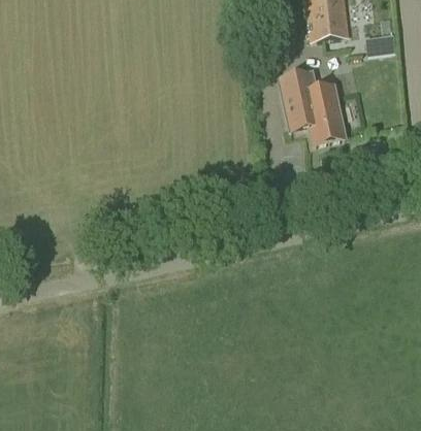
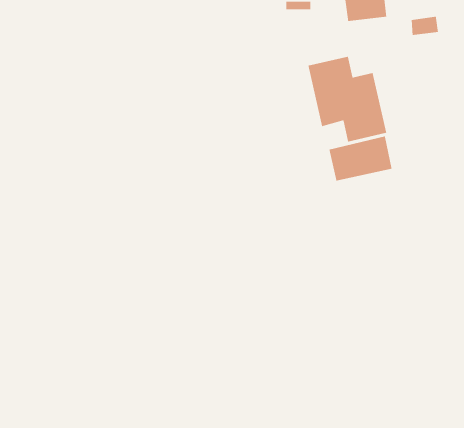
building: none -> [328,136,392,181]

